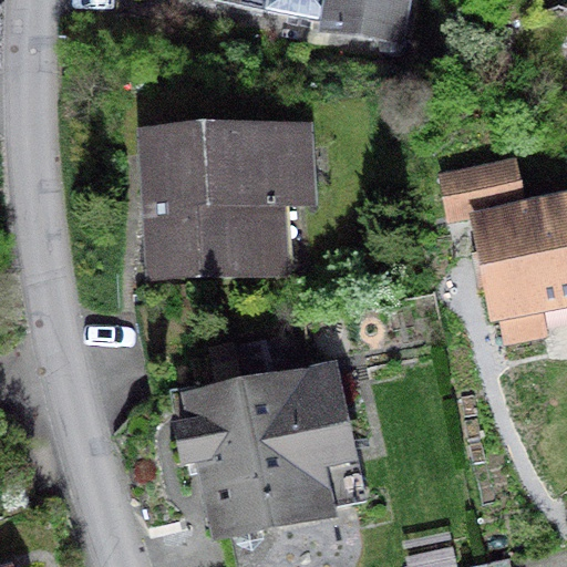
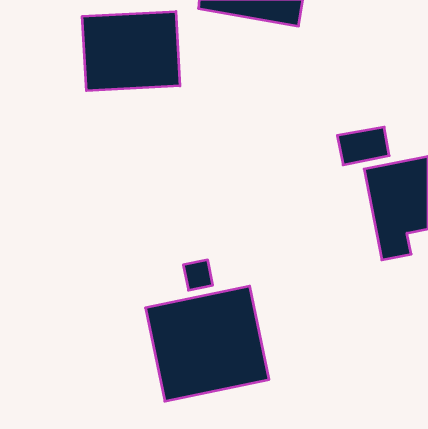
building: none -> [82,11,180,91]
building: [146,132,306,274] -> none

